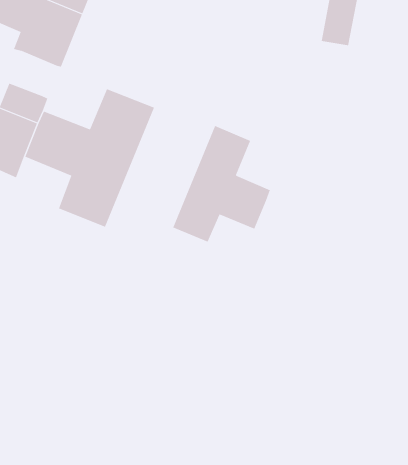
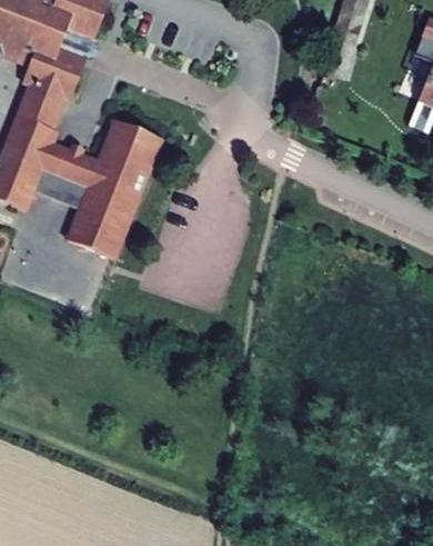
building: none -> [16,86,62,130]
building: [173,125,271,242] -> none

